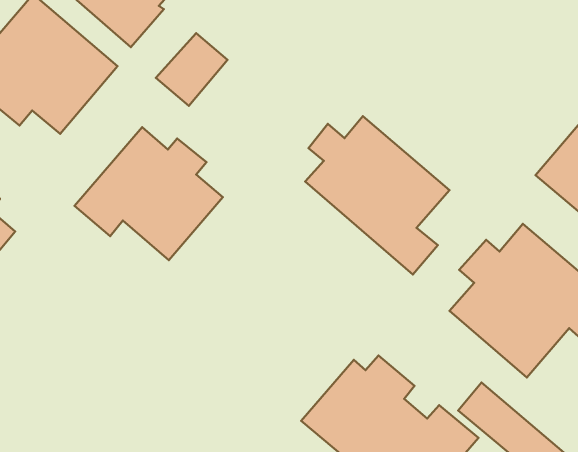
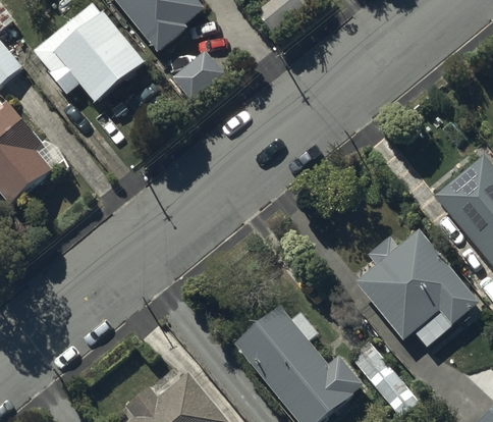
building: [305,116,449,274] -> none
building: [74,127,223,260] -> none

